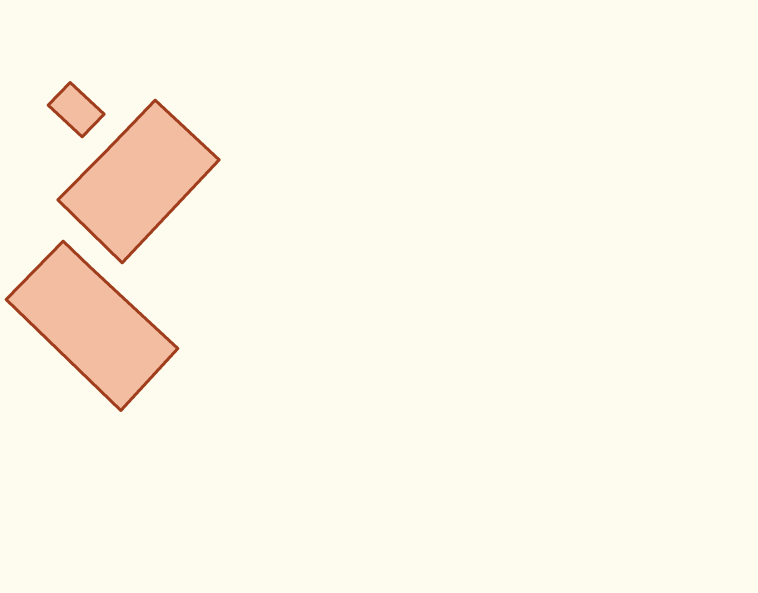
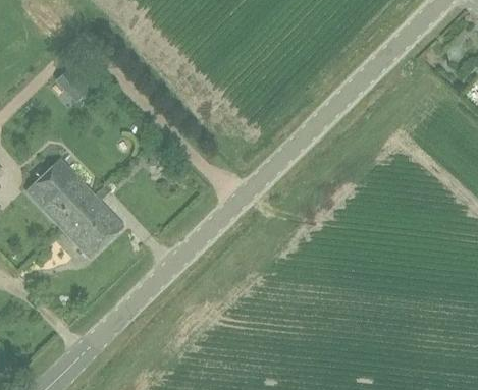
building: [58,100,219,263] -> none

